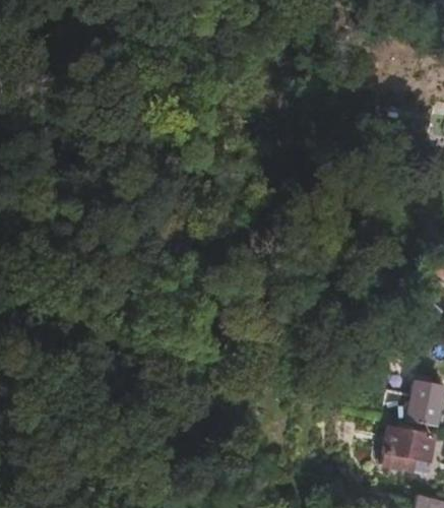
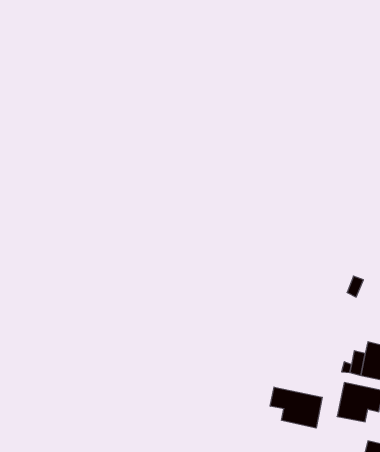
building: none -> [270,387,322,428]

